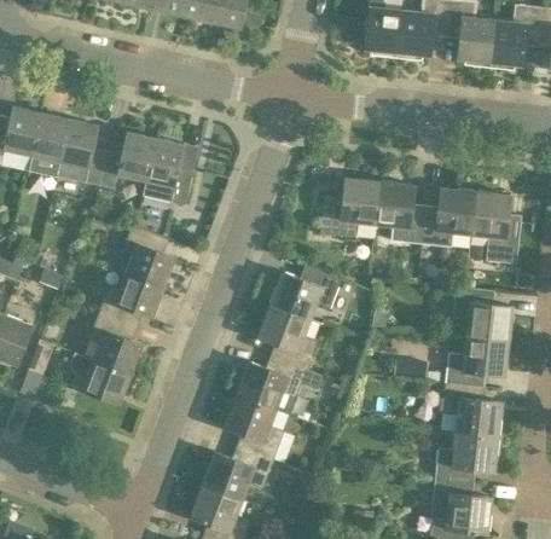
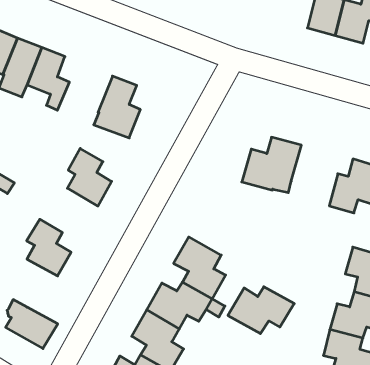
building: [99,131,155,190] -> none
building: [375,181,425,244] -> none
building: [269,266,342,319] -> [228,287,294,334]
building: [99,272,162,323] -> none
building: [70,353,129,402] -> [6,300,58,349]

